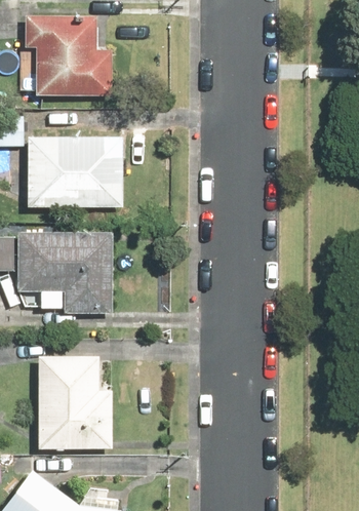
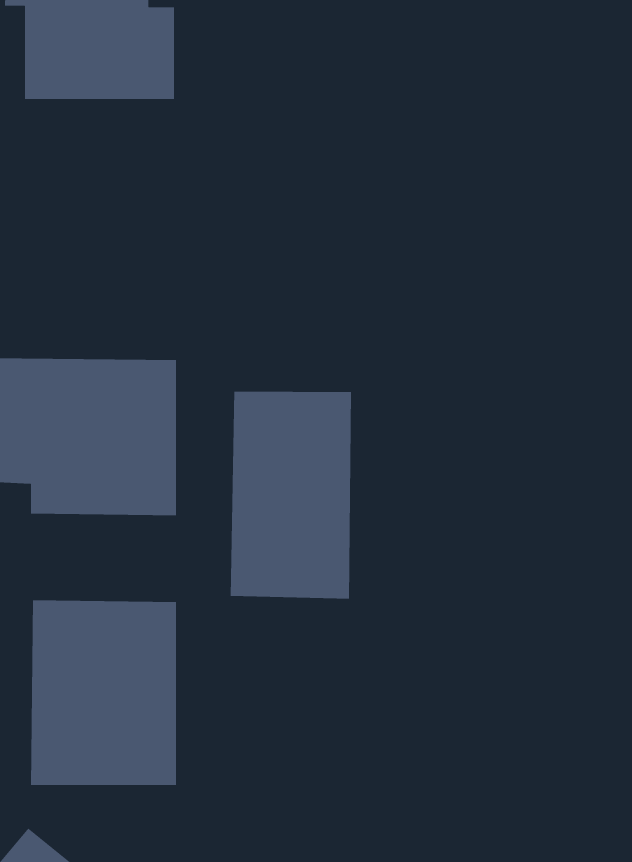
building: [26,133,123,209] -> none
building: none -> [230,391,352,600]

